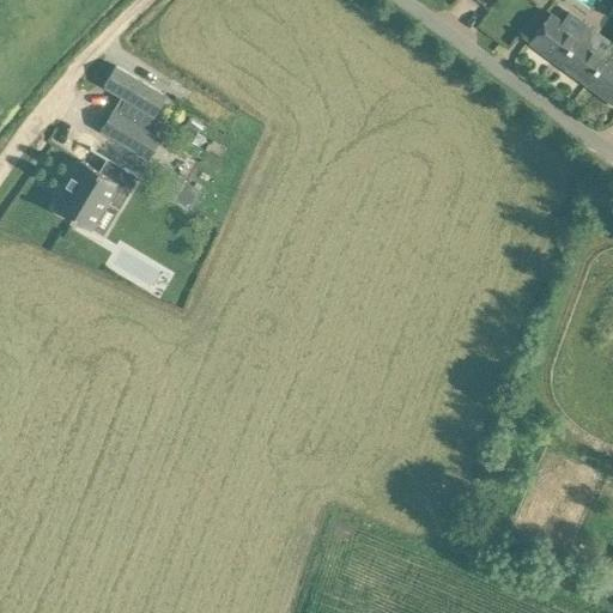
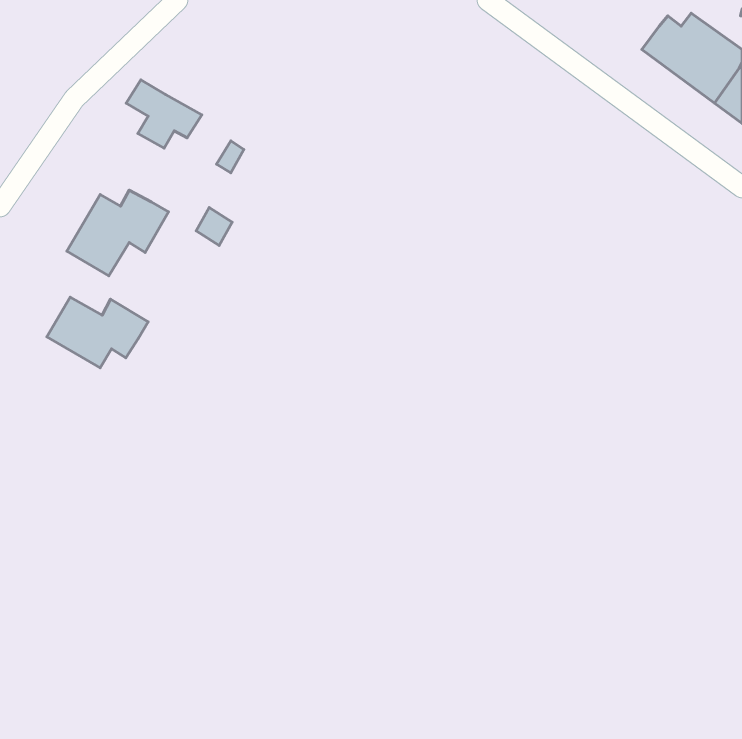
building: [102,111,162,160] -> none
building: none -> [47,297,148,368]

